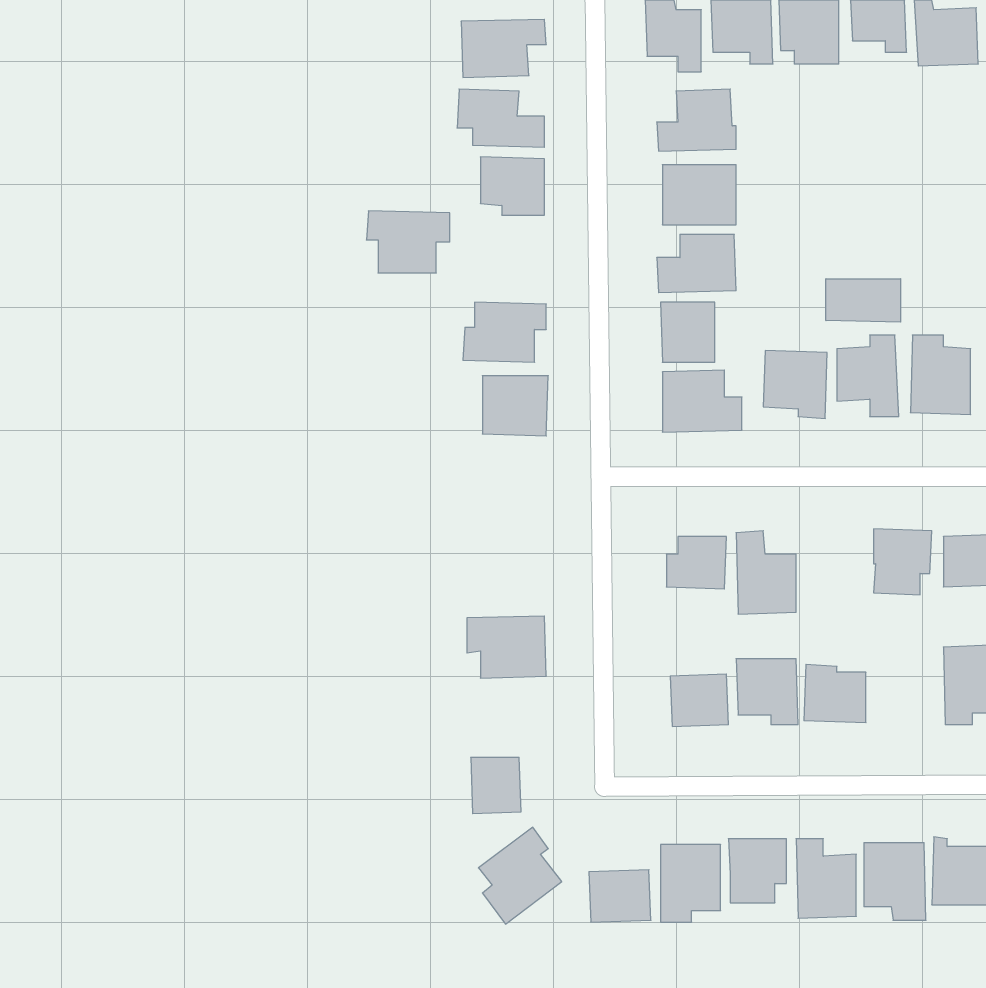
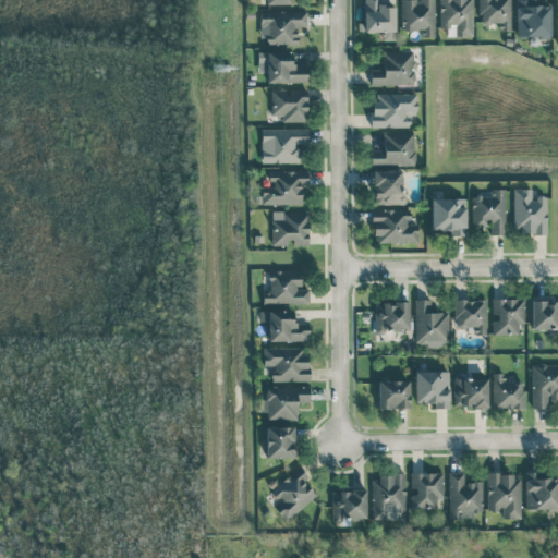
building: [366,211,450,273] -> [263,129,310,163]
building: [826,279,901,322] -> none
building: none -> [265,270,311,304]
building: none -> [456,300,488,336]
building: none -> [269,311,311,342]
building: none -> [494,374,525,409]
building: none -> [266,387,312,421]

